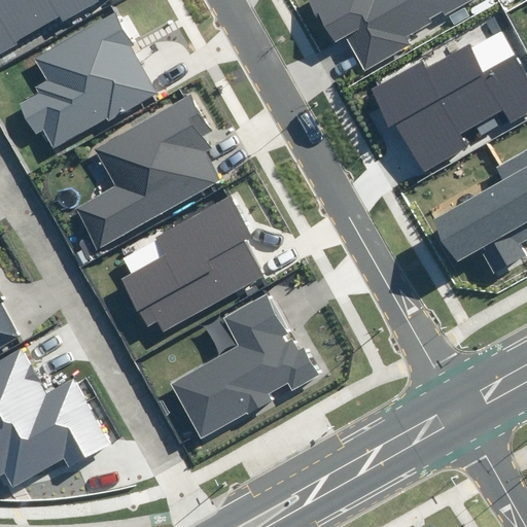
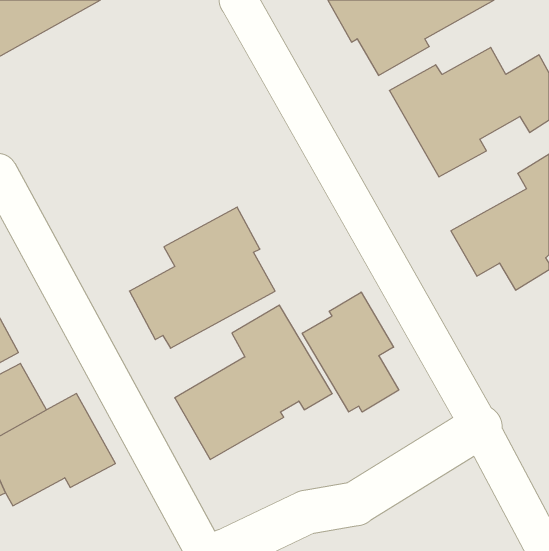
building: [16,14,159,151] -> none
building: [73,97,219,248] -> none
building: none -> [302,292,399,412]

